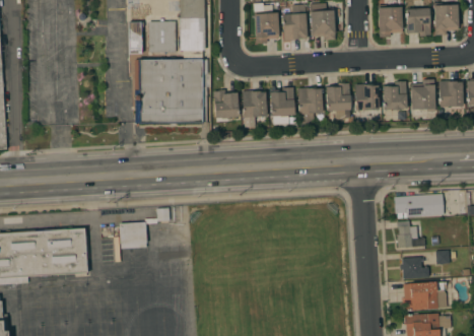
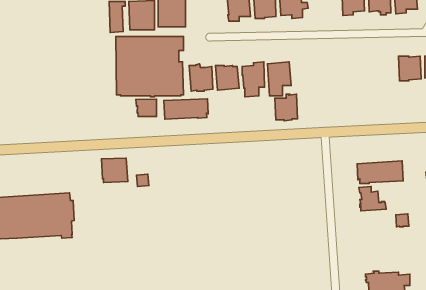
building: [411,80,435,112] -> none
building: [383,81,407,111] -> none
building: [326,83,350,112] -> [275,94,297,121]
building: [354,84,379,111] -> none
building: none -> [164,99,208,119]
building: none -> [136,99,157,116]
building: [119,222,147,249] -> [102,158,128,183]
building: [399,257,428,279] -> none
building: [402,282,447,311] -> none

